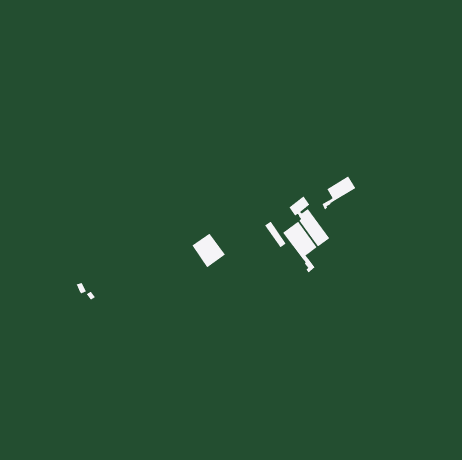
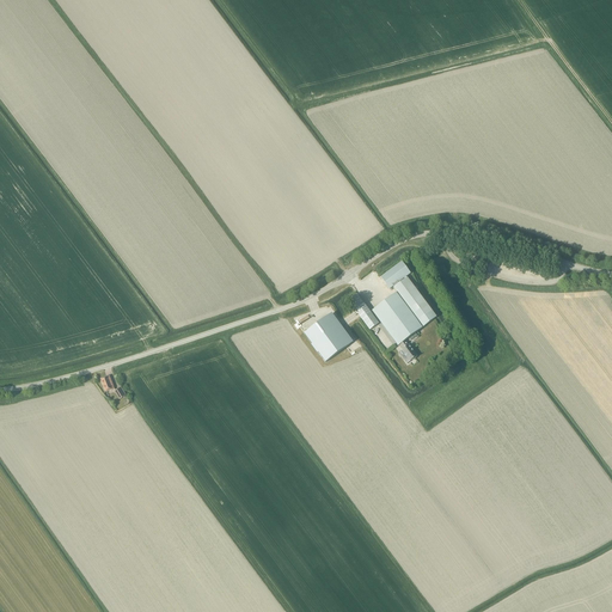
building: [322,175,356,210] -> none
building: [192,233,226,268] -> [305,313,350,360]

